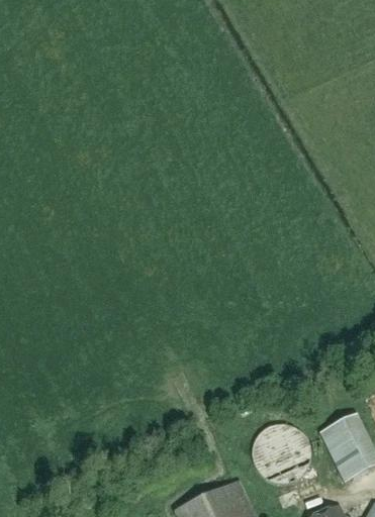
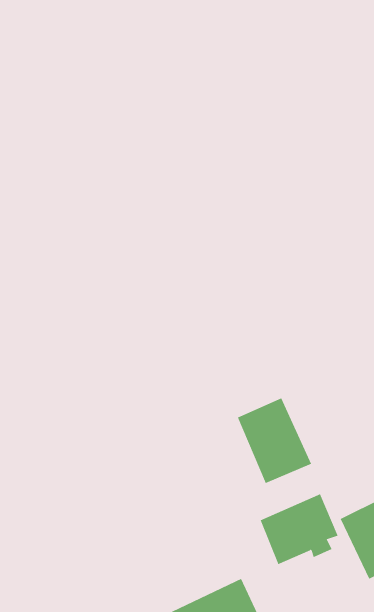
building: none -> [237,398,312,484]

